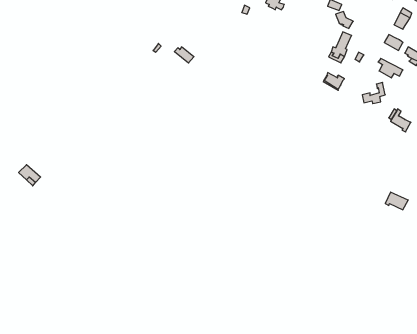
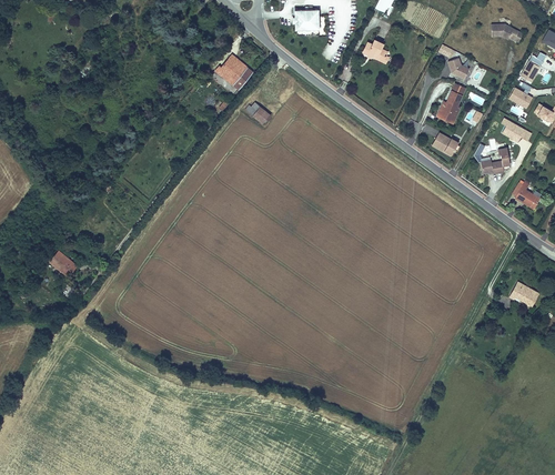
building: none -> [212,52,252,90]

